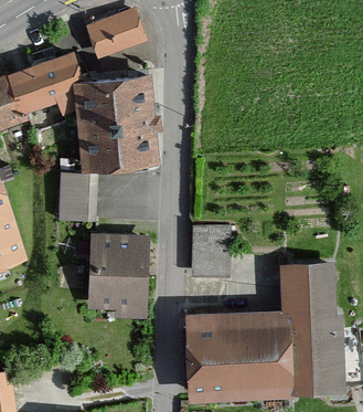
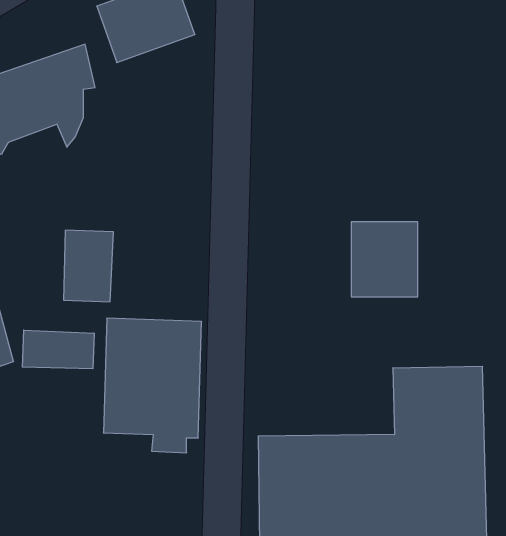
building: [74,77,154,175] -> none
building: [188,232,232,282] -> [351,222,418,297]
building: none -> [22,330,94,369]

